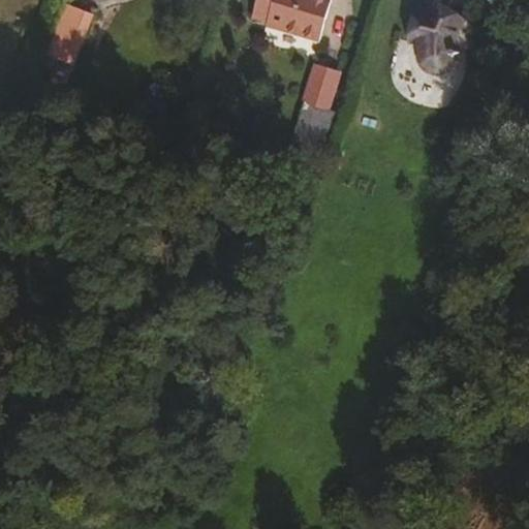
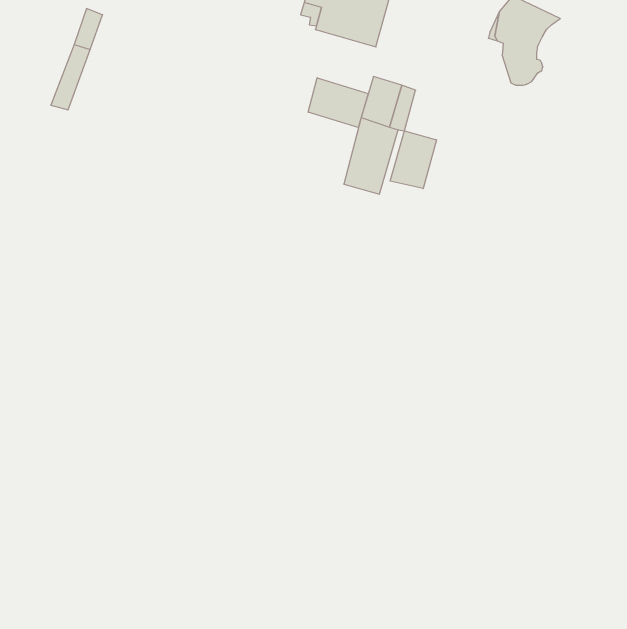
building: none -> [308,78,368,127]
building: none -> [390,131,437,189]

